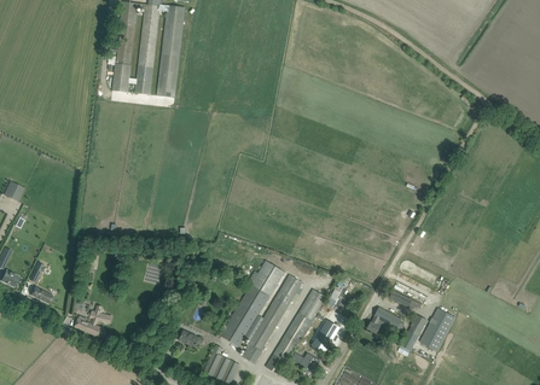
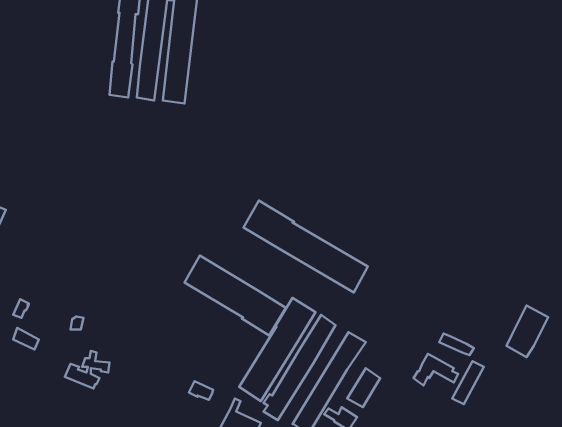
building: none -> [243,201,368,292]
building: none -> [185,255,286,336]
building: [419,307,454,350] -> [506,305,548,357]

